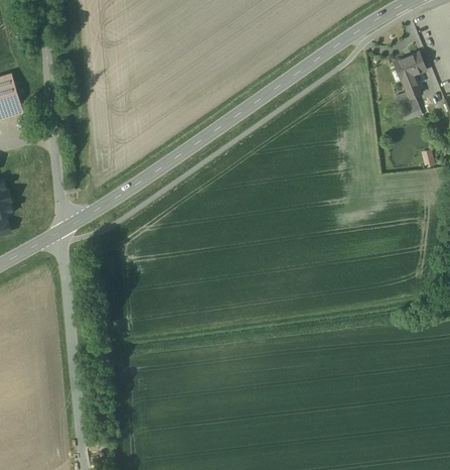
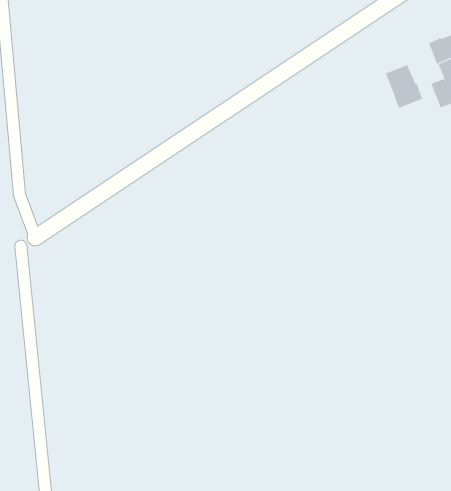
building: none -> [385,64,423,109]

